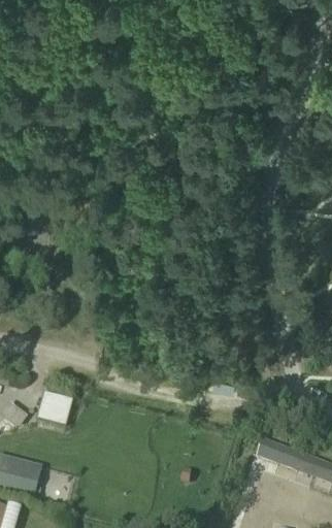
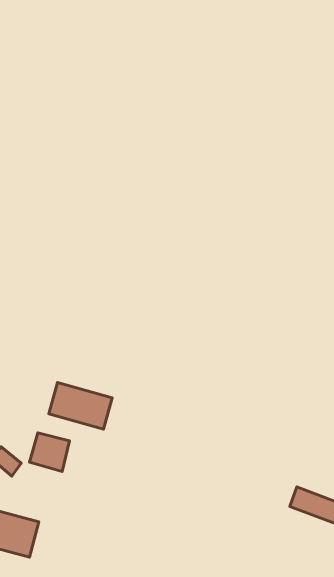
building: none -> [49,383,112,429]

